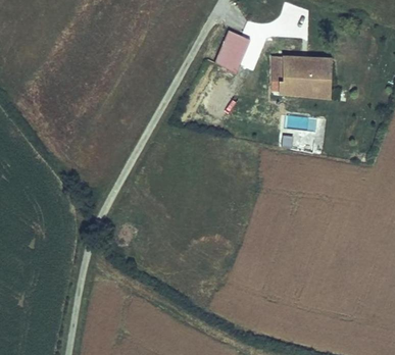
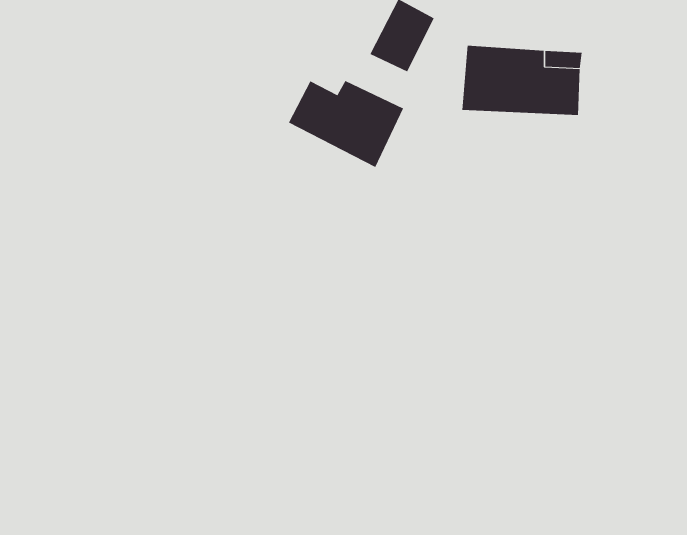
building: none -> [288,80,404,168]

